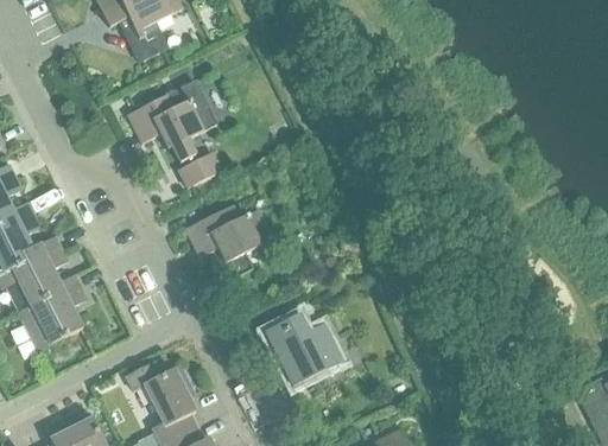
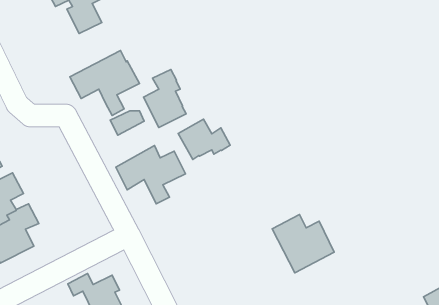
building: none -> [144,69,186,127]
building: none -> [178,119,230,159]
building: [264,313,342,387] -> [272,215,334,273]

